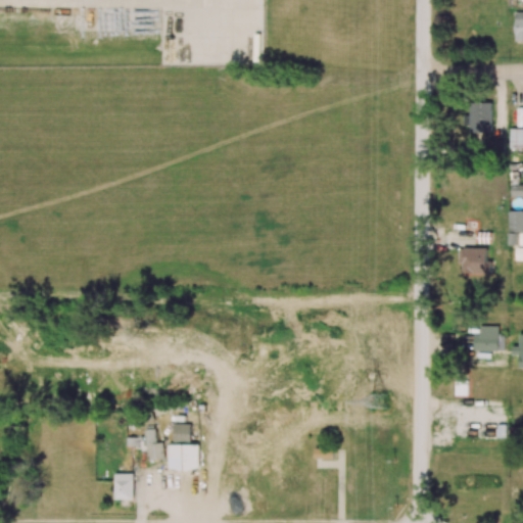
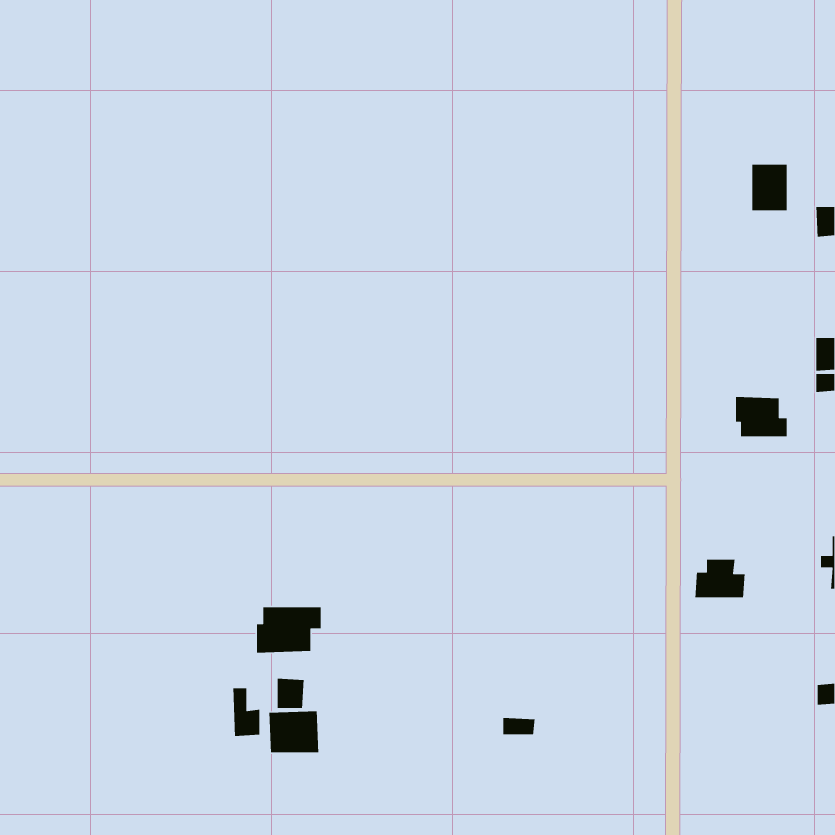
building: [473,327,505,351] -> [695,559,745,598]
building: none -> [256,607,321,653]
building: [113,474,133,501] -> none

